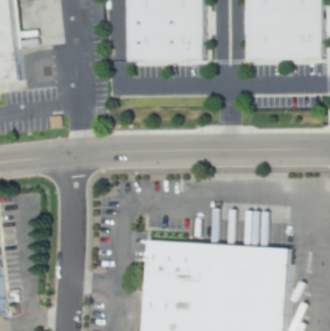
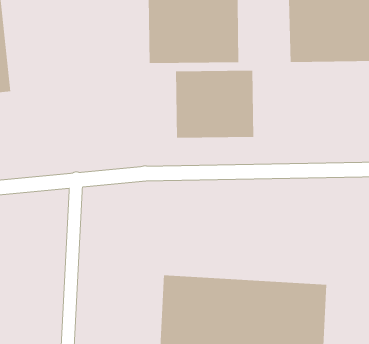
building: none -> [175,70,254,139]

